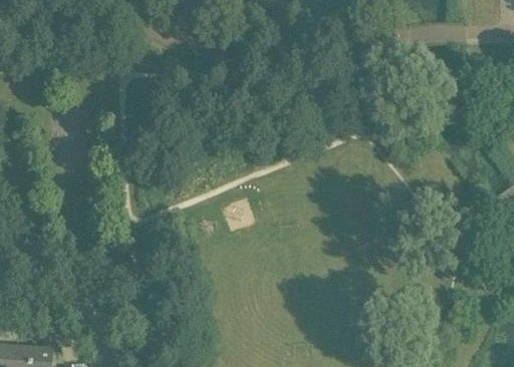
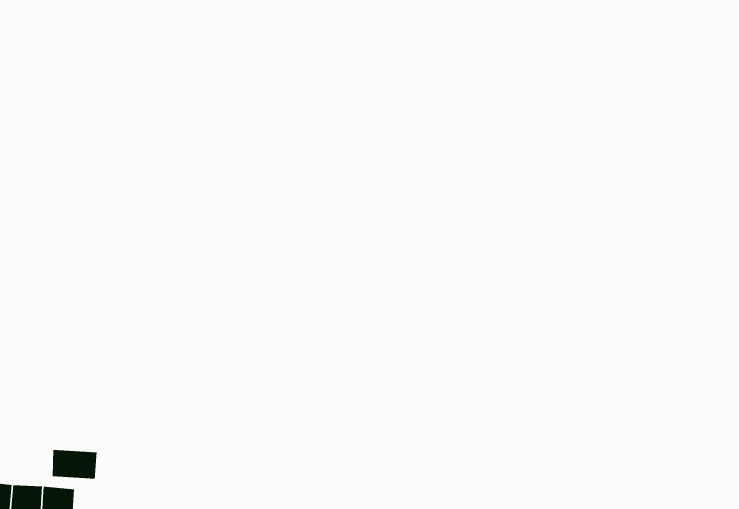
building: none -> [52,449,97,479]

